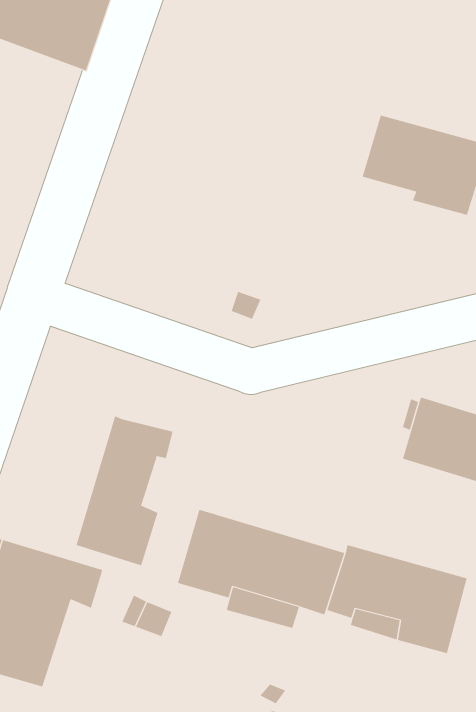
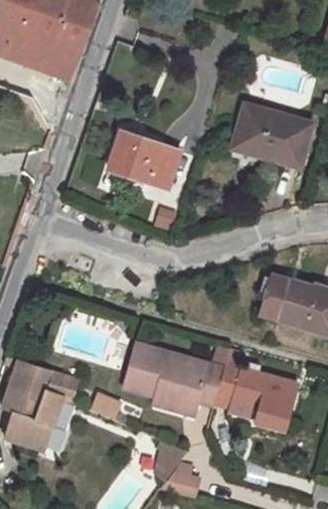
building: none -> [109,131,180,189]
building: [76,416,173,566] -> none

